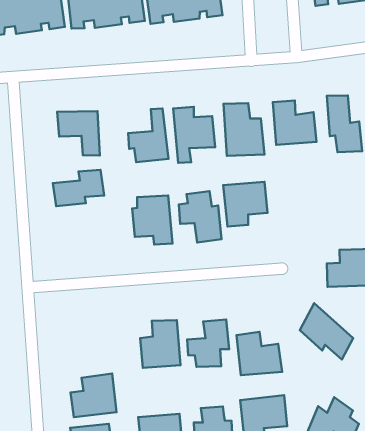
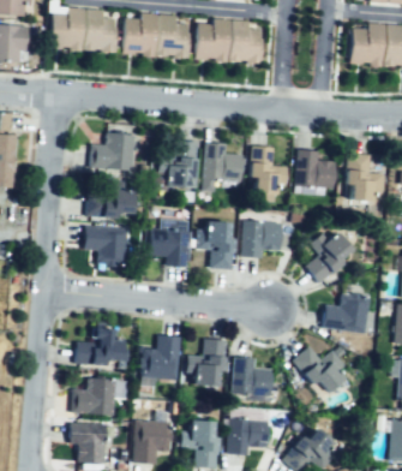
building: none -> [307,231,348,285]
building: none -> [84,225,127,262]
building: none -> [76,328,121,362]

